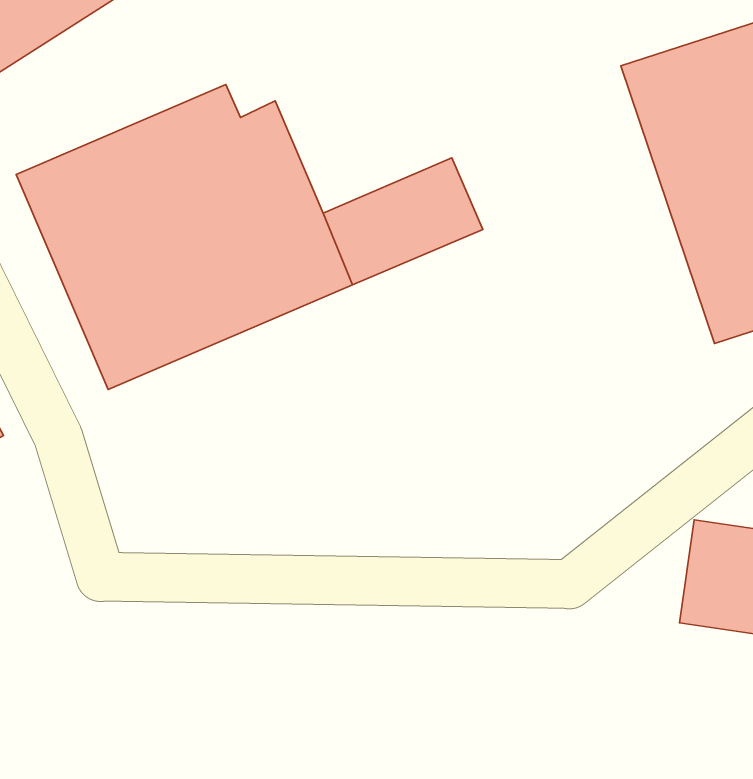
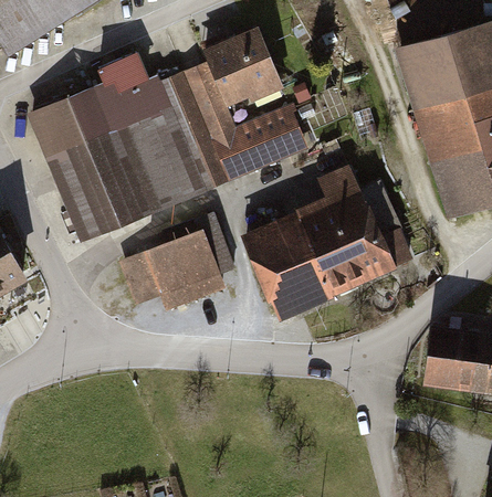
building: none -> [182,21,290,138]
building: none -> [242,162,417,317]
building: none -> [118,223,233,314]

